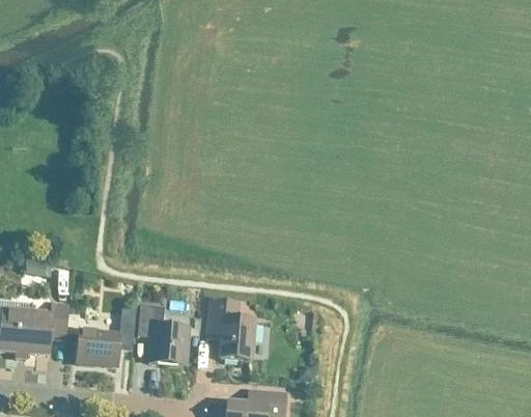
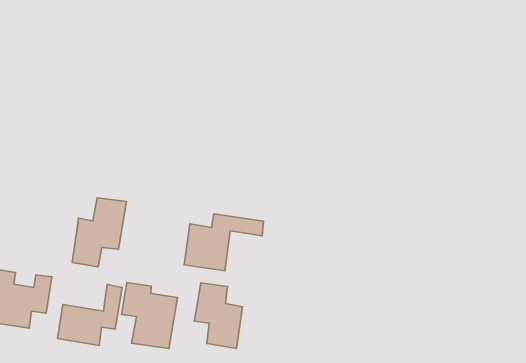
building: none -> [72,198,126,267]
building: none -> [184,214,263,271]

